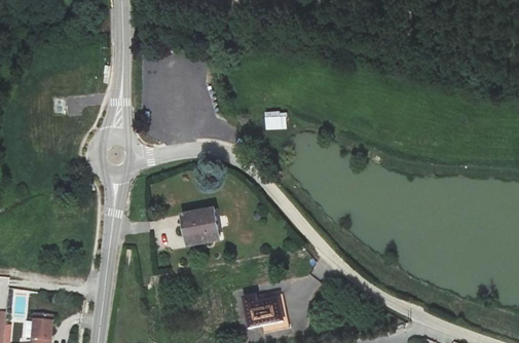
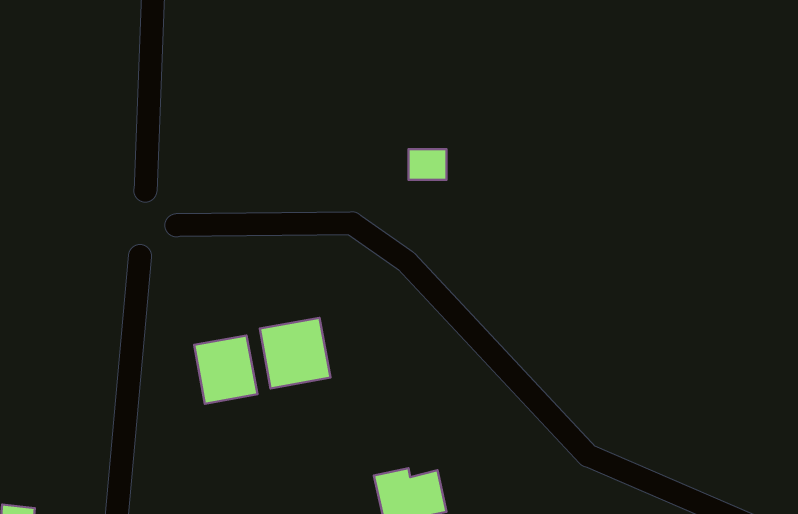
building: none -> [194,335,257,404]

